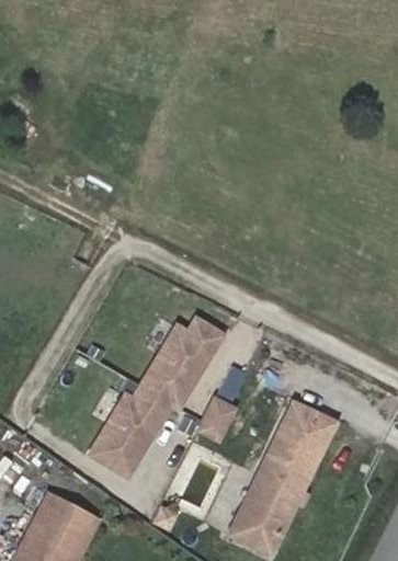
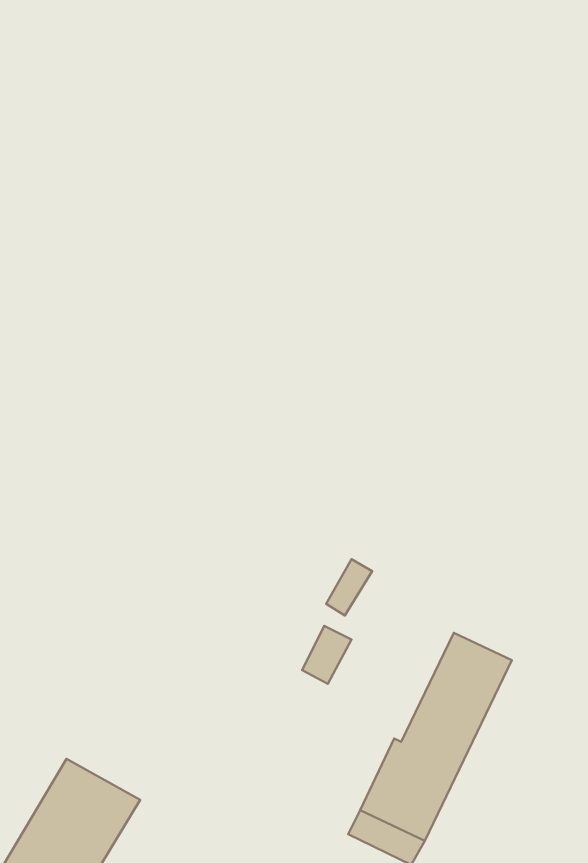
building: [91,323,219,481] -> none

